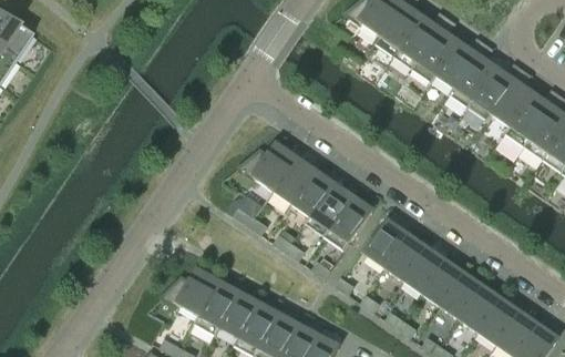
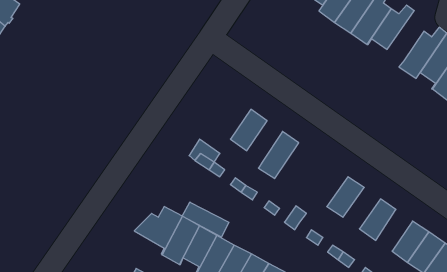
building: [450,42,496,106] -> none
building: [239,142,297,190] -> none
building: [292,169,333,216] -> none
building: [325,194,372,248] -> none
building: [366,218,409,267] -> none
building: [403,245,446,293] -> none
building: none -> [182,202,229,237]
building: [441,271,483,318] -> none

